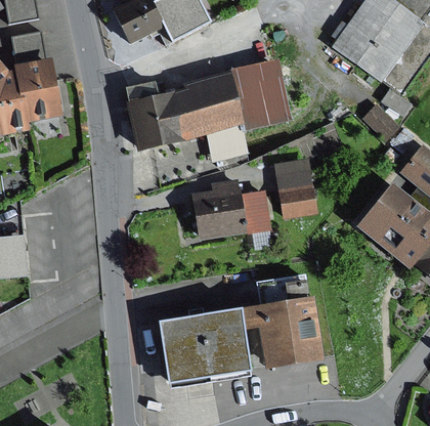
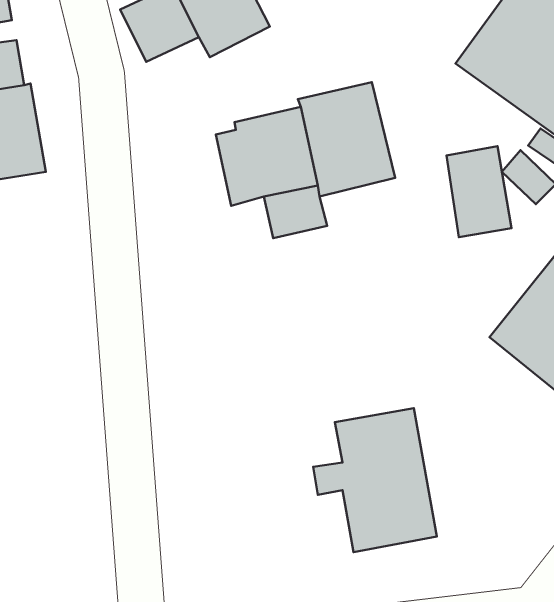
building: [124,82,184,150] -> none
building: [274,157,317,217] -> [446,146,511,237]
building: [191,179,271,240] -> none
building: [158,312,248,385] -> none

